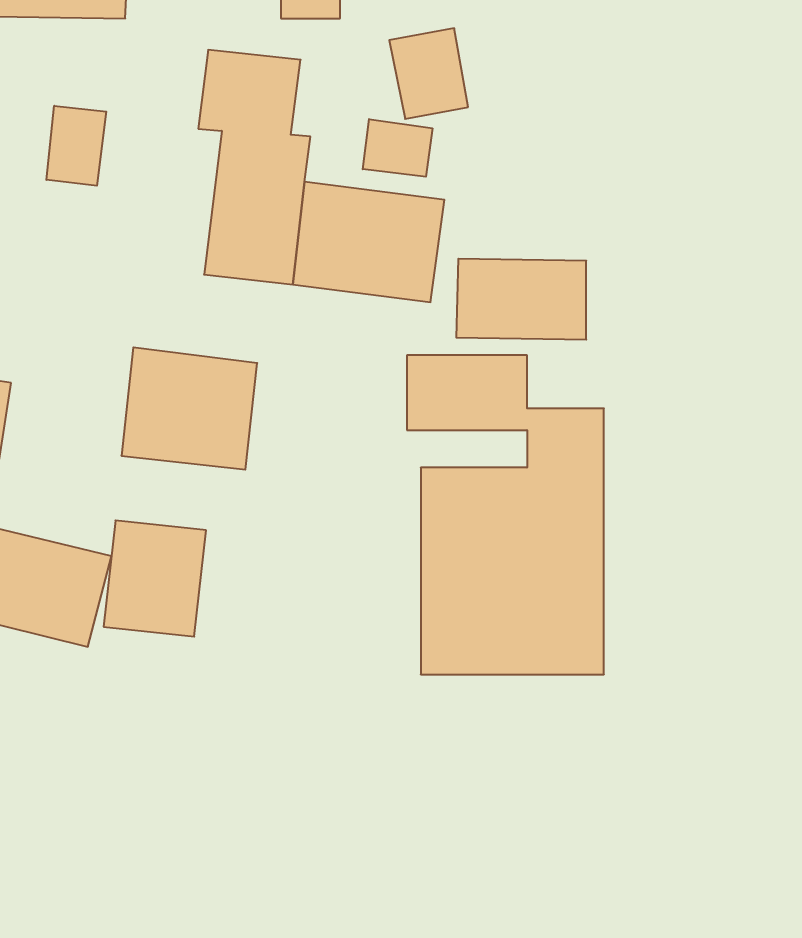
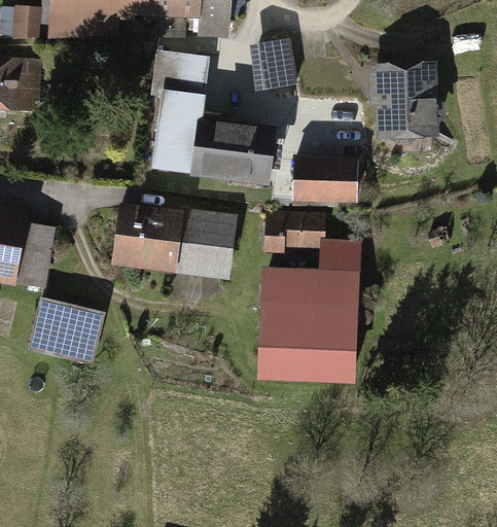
building: none -> [372,68,439,141]
building: [46,106,106,186] -> none
building: [363,119,432,177] -> none
building: [104,520,206,637] -> [175,215,228,276]

